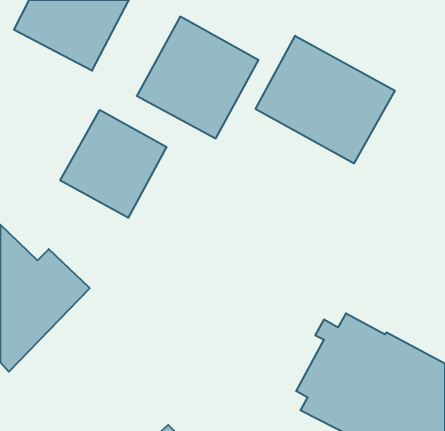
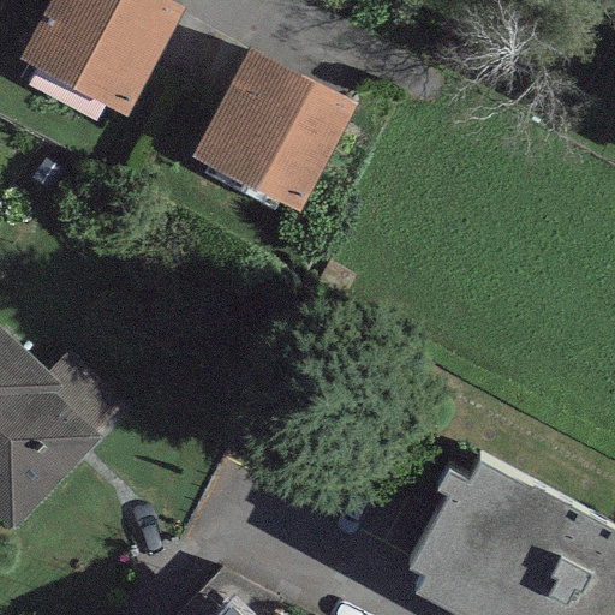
building: [256,36,395,163] -> none
building: [60,110,167,218] -> none

